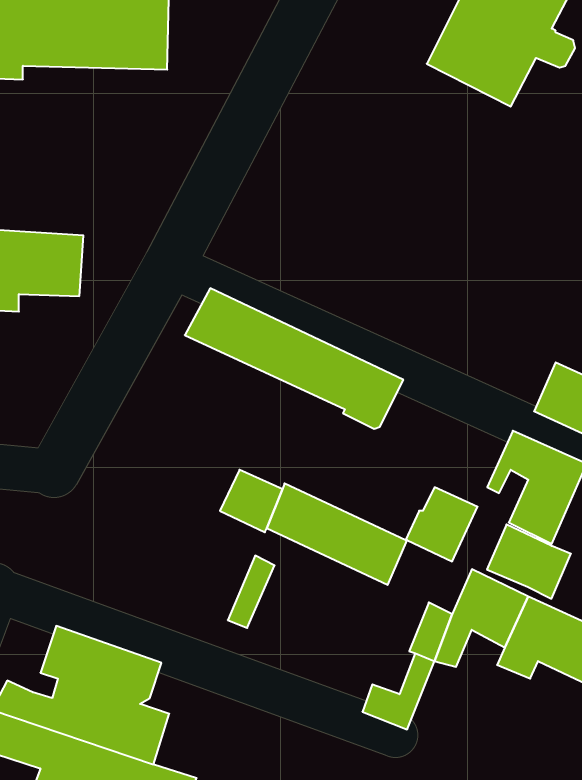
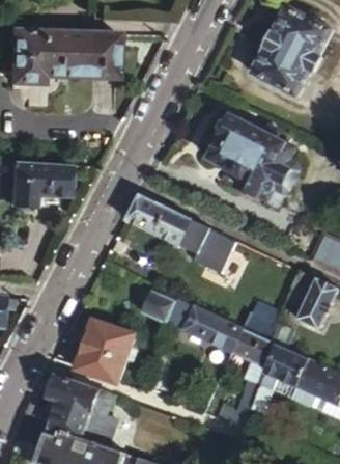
building: none -> [210,114,301,197]
building: none -> [77,318,137,384]
building: [487,524,571,599] -> [233,328,278,367]

